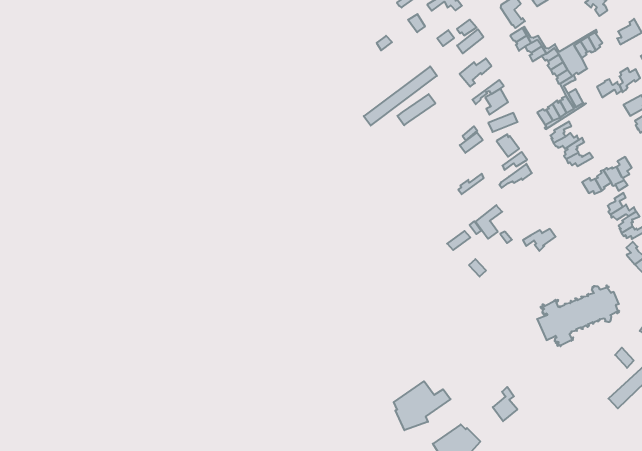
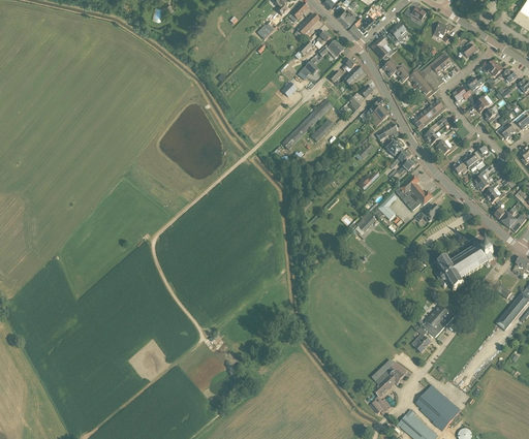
building: none -> [396,175,433,210]
building: none -> [423,305,454,337]
building: [394,381,451,430] -> none

